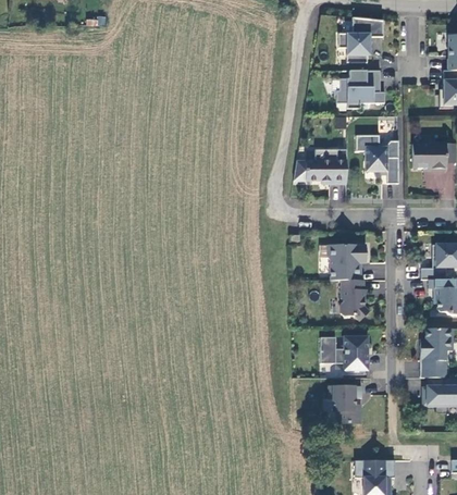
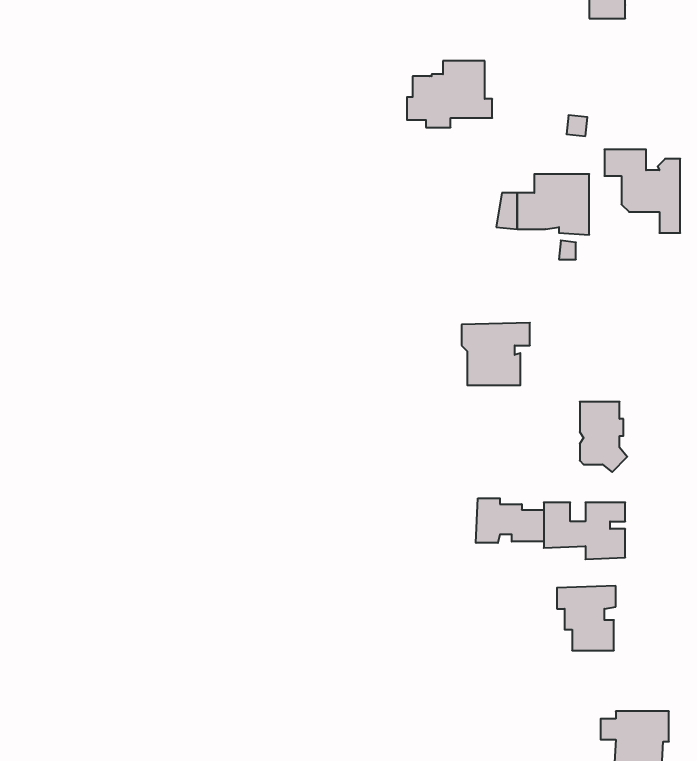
building: [336,71,385,109] -> [407,61,492,127]
building: [328,245,367,281] -> [462,323,530,385]
building: none -> [476,498,544,543]

